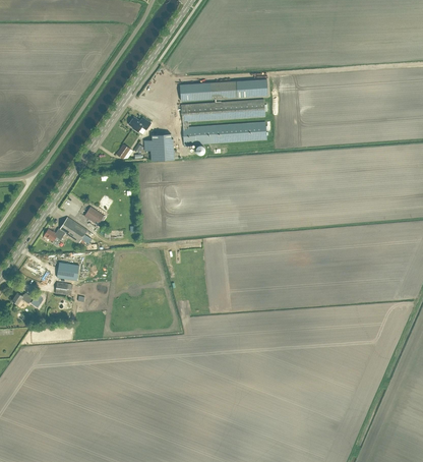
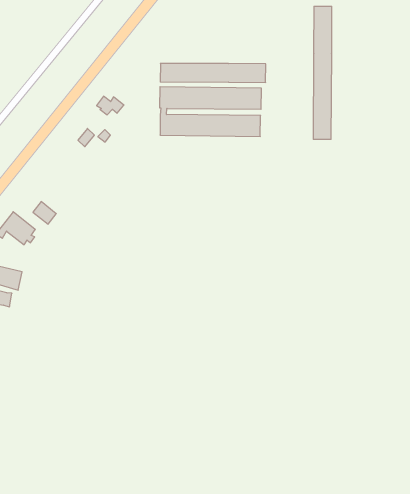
building: none -> [313,6,332,139]
building: [144,133,175,161] -> none

